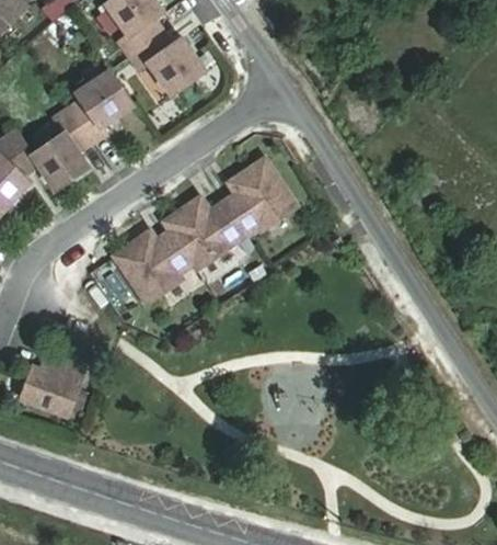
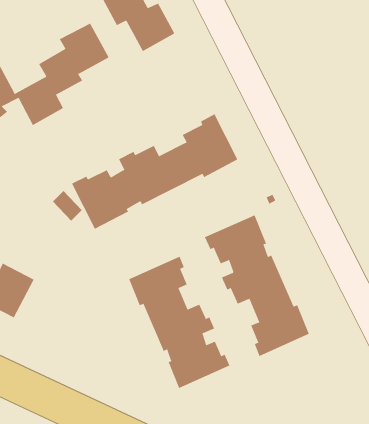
building: none -> [204,214,310,357]
building: none -> [129,256,230,389]

